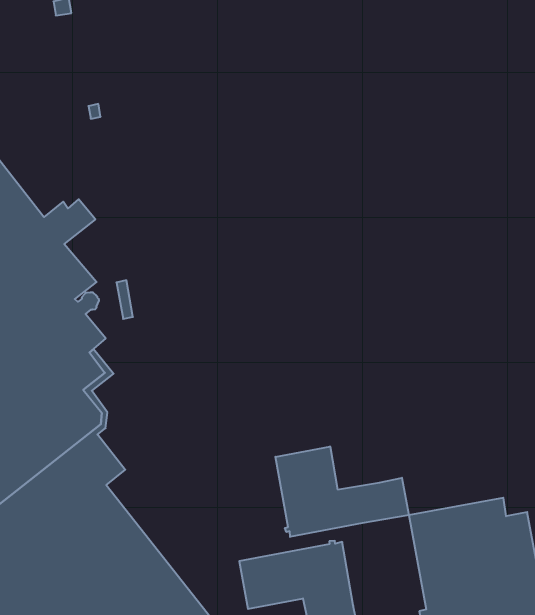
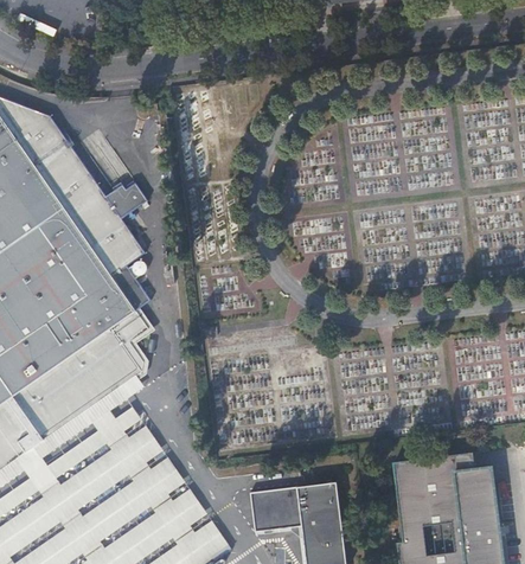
building: [275,446,409,537] -> none

